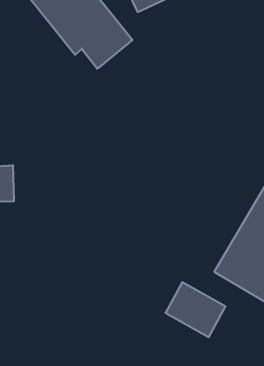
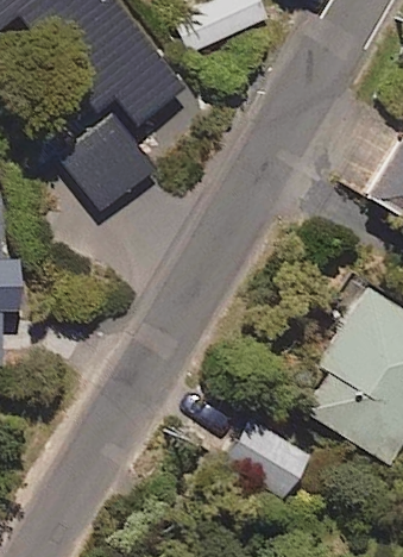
building: none -> [59,114,155,209]

